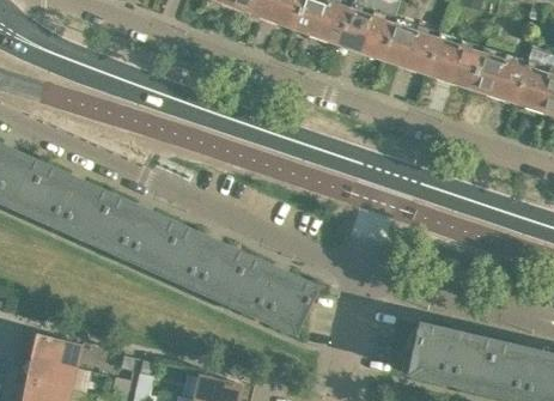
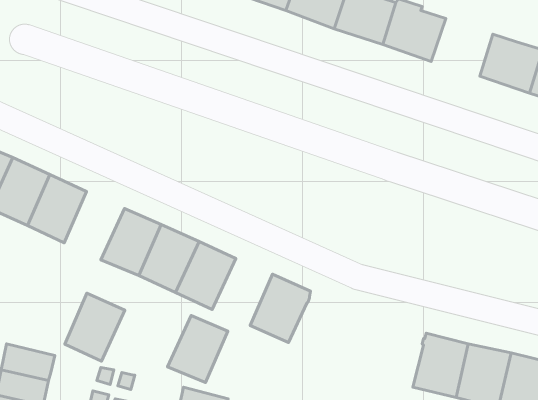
building: [425,32,482,89] -> none
building: [90,194,145,256] -> [65,293,125,361]
building: [225,255,280,316] -> [167,316,228,382]

